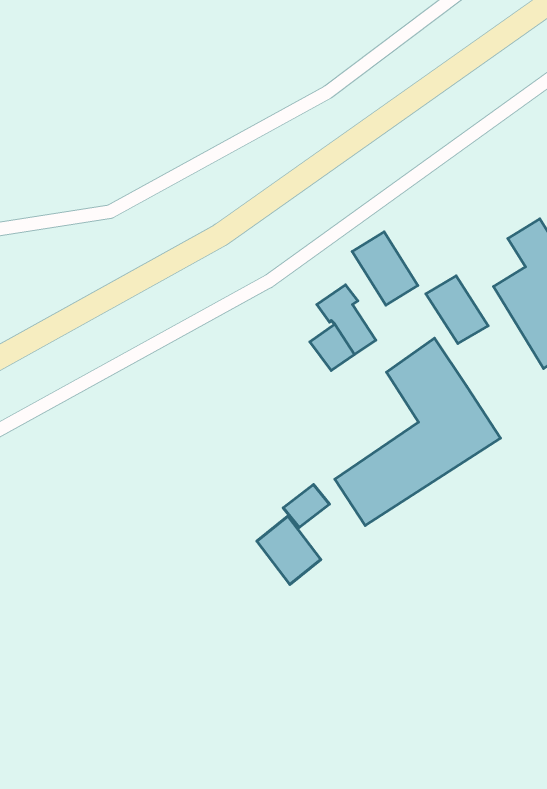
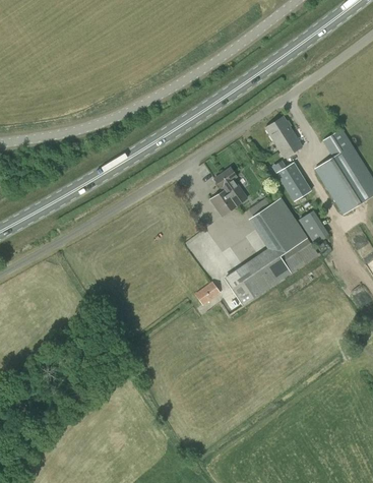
building: [352,232,418,305] -> [264,116,302,158]
building: none -> [298,209,328,243]
building: [257,516,321,584] -> none

